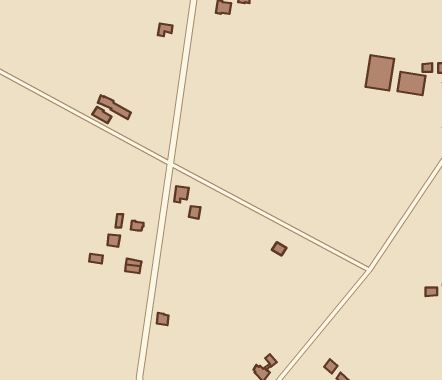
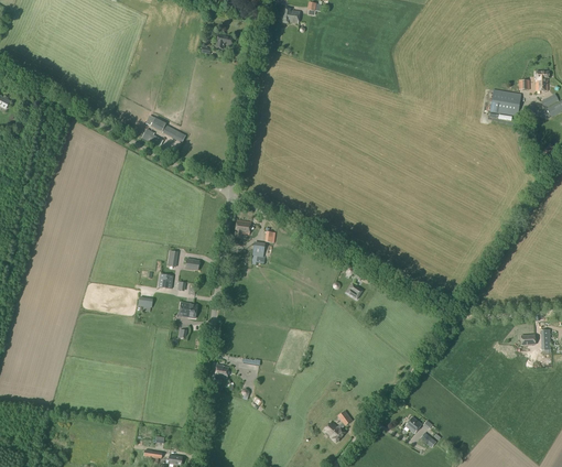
building: [366,55,394,91] -> none

